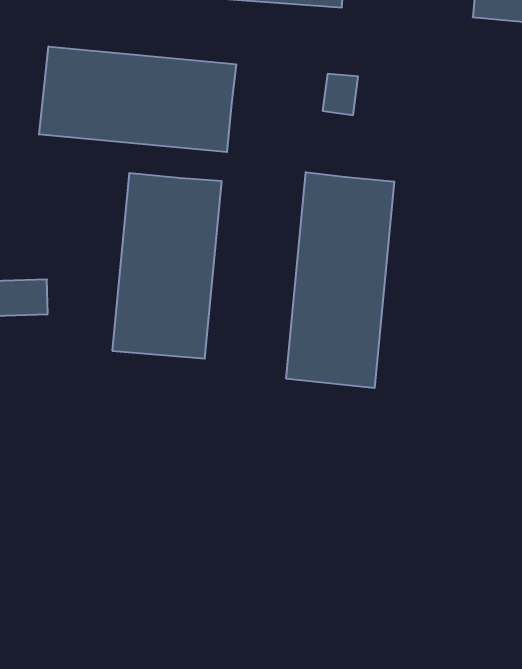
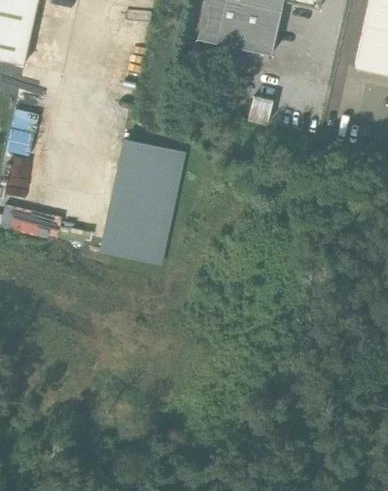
building: [39,46,236,152] -> none
building: [286,172,394,388] -> none

